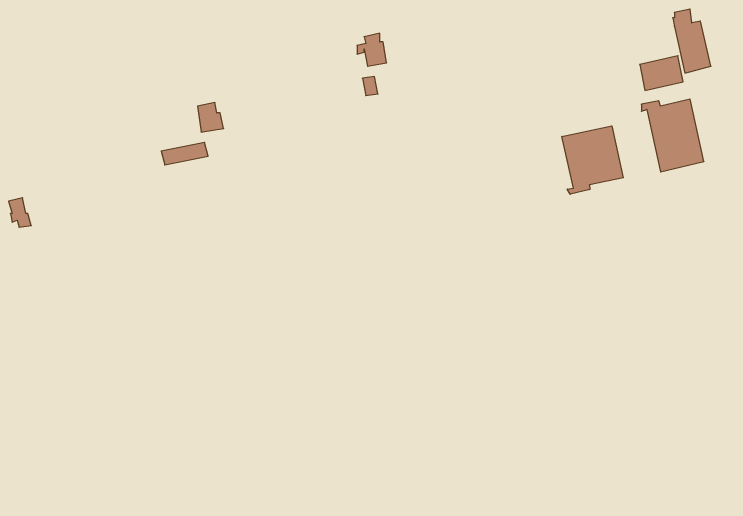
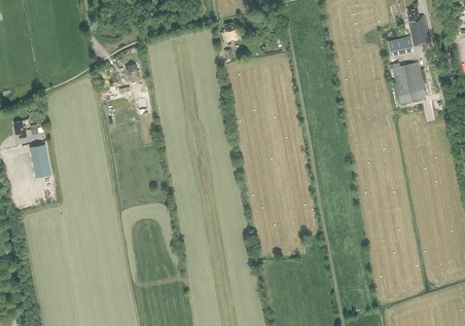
building: [562,126,623,194] -> none
building: none -> [29,144,49,178]

